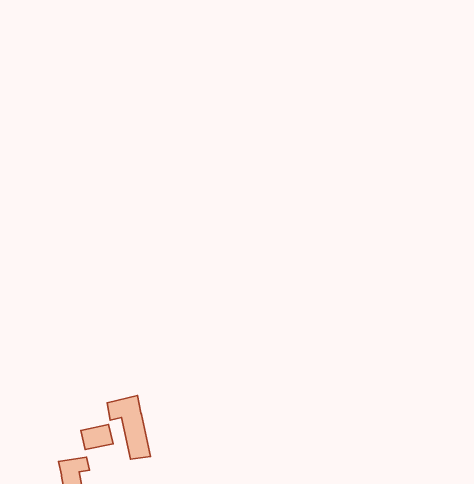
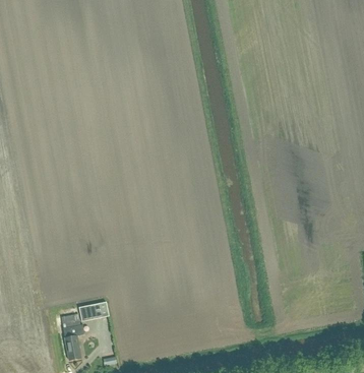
building: [107,395,150,459] -> none

